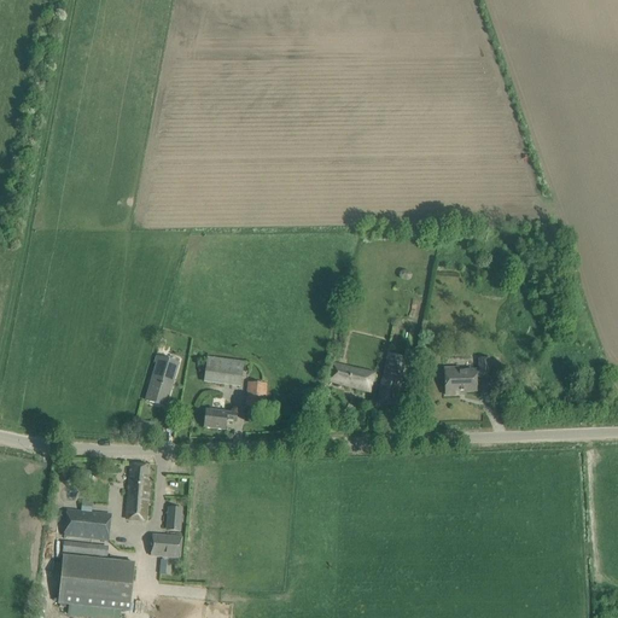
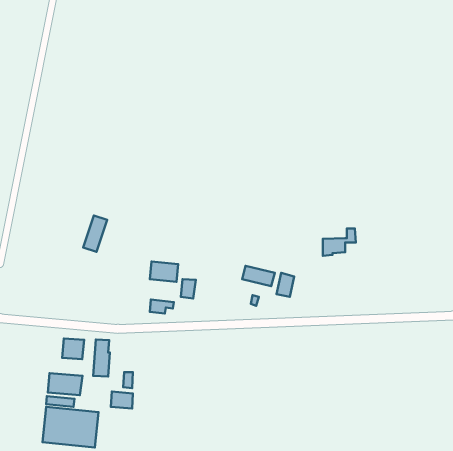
building: [146,355,179,404] -> [83,216,107,252]
building: [445,356,490,393] -> [323,228,356,256]
building: none -> [62,338,84,359]

